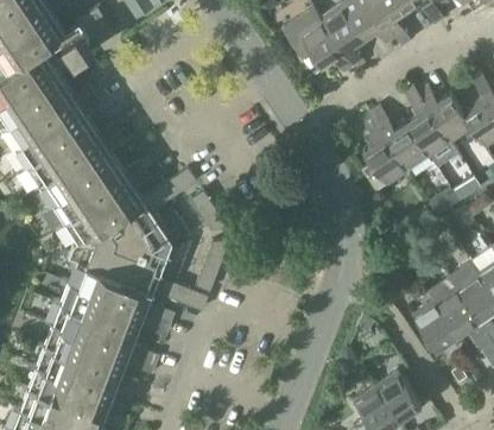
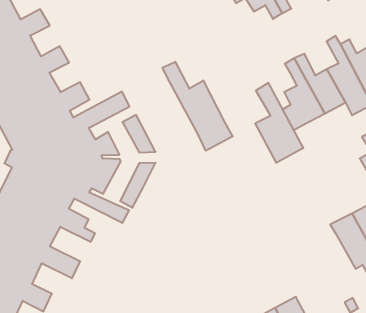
building: none -> [163,62,233,151]
building: none -> [255,83,303,163]
building: [412,299,460,350] -> none

